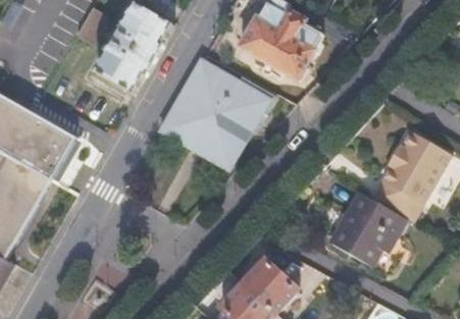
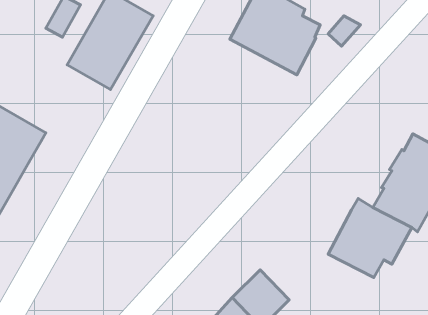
building: [161,59,271,167] -> none

